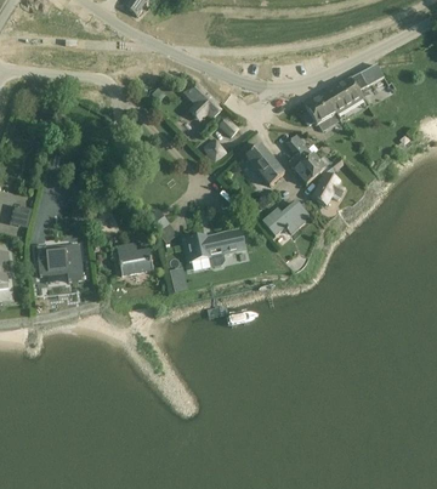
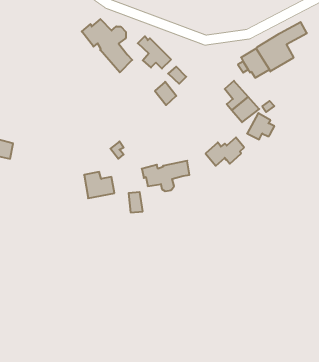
building: none -> [82,19,132,72]
building: [244,143,283,183] -> none
building: [35,243,83,280] -> none

